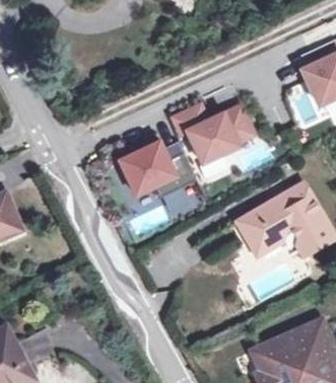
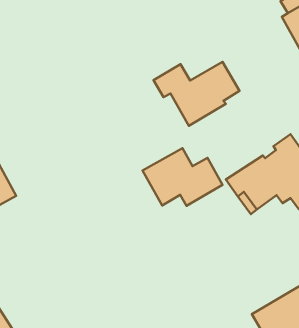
building: [118,143,194,199] -> [142,148,222,206]

